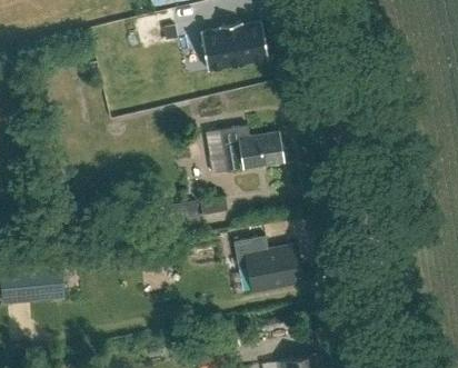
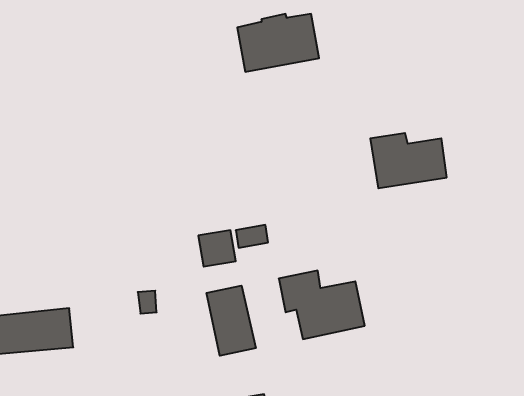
building: [219,127,282,172] -> [370,133,447,188]
building: none -> [207,286,256,356]

